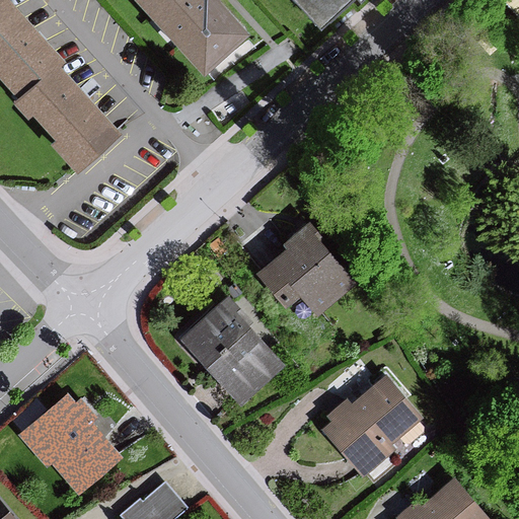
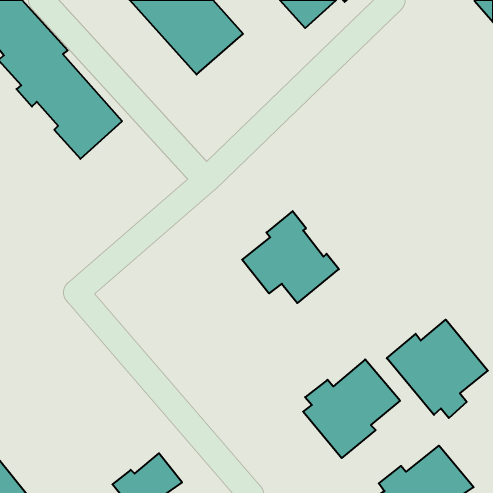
building: [174,296,282,406] -> none
building: none -> [387,320,488,418]
building: [21,392,122,495] -> none

